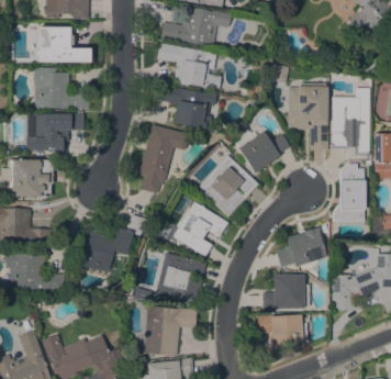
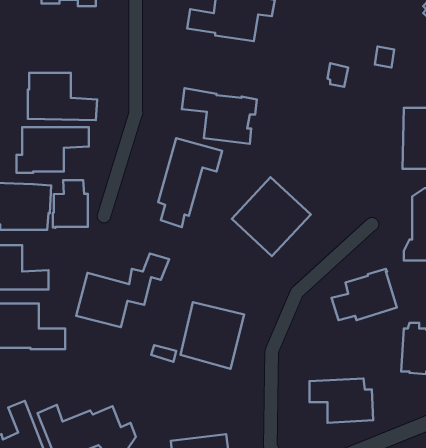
building: [35,26,91,62] -> none
building: [157,42,222,90] -> none
building: [288,82,328,149] -> none
building: [235,131,291,172] -> none
building: none -> [53,180,88,228]
building: [172,200,230,257] -> none
building: [262,274,310,310] -> none
building: [143,304,198,356] -> none

